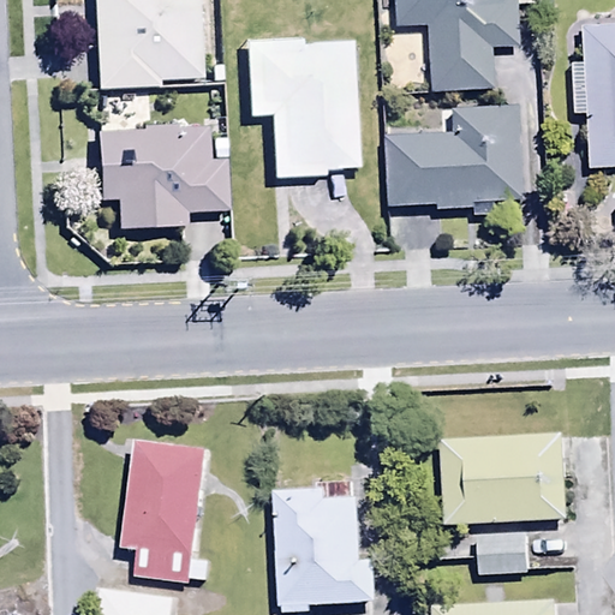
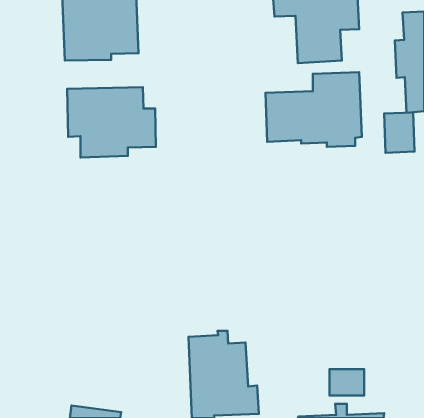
building: [244,35,362,175] -> none
building: none -> [384,113,415,153]
building: [438,435,565,523] -> none
building: [121,438,211,580] -> none

